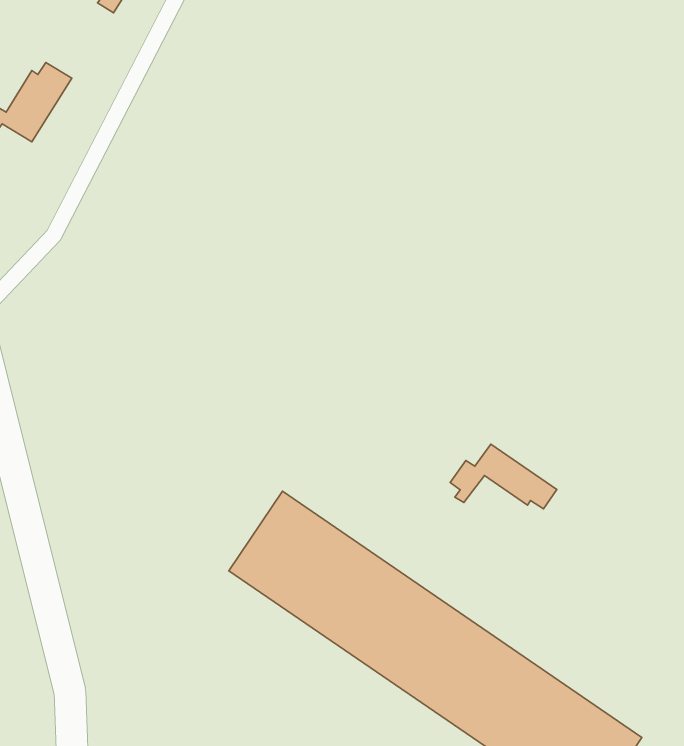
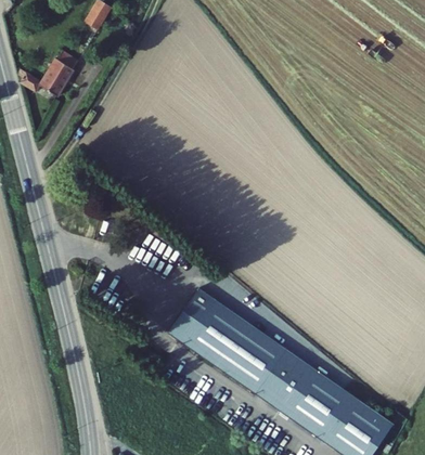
building: [450,444,557,509] -> none

